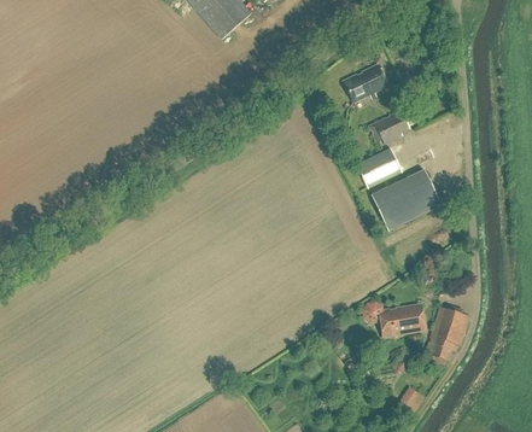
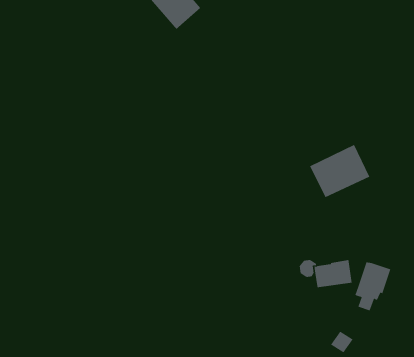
building: [344,63,387,101] -> none
building: [364,107,409,144] -> none
building: [358,147,403,187] -> none

